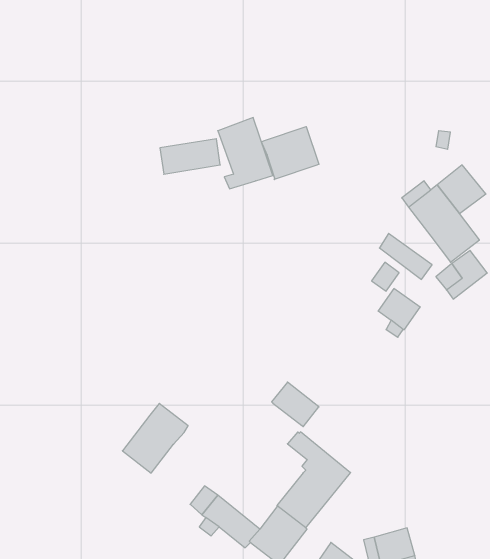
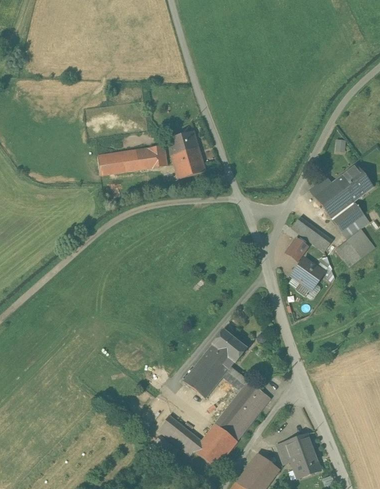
building: [261,127,319,180] -> none
building: none -> [97,151,128,175]
building: [122,403,188,473] -> [183,345,233,398]

